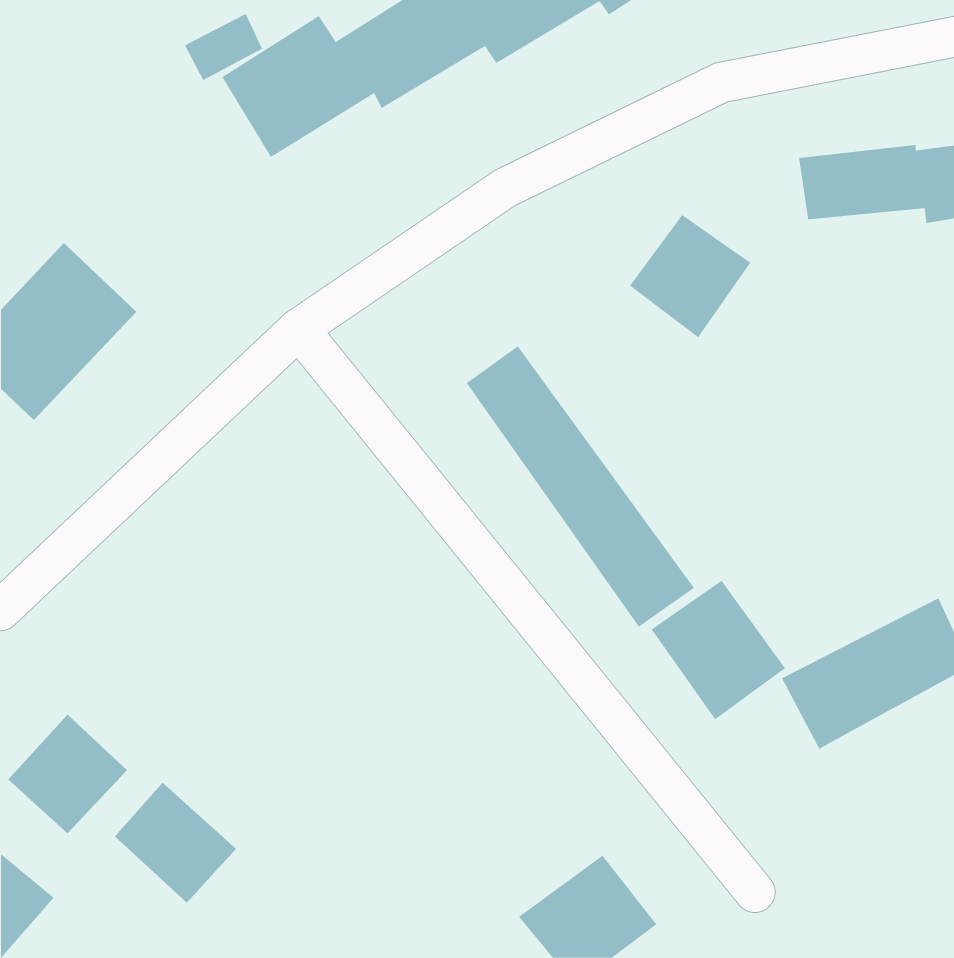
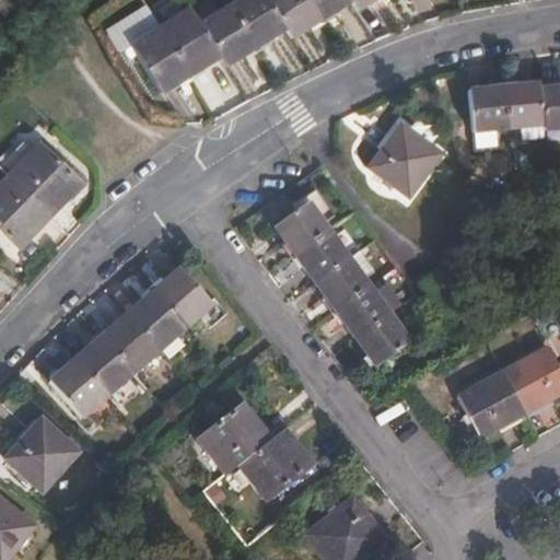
building: none -> [50,267,211,415]
building: [651,580,786,720] -> none
building: none -> [199,402,307,499]
building: [114,782,237,904] -> none

